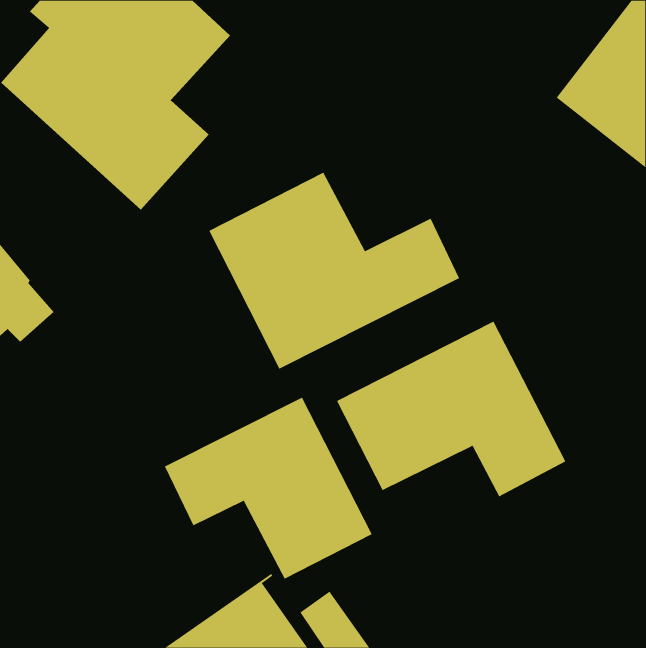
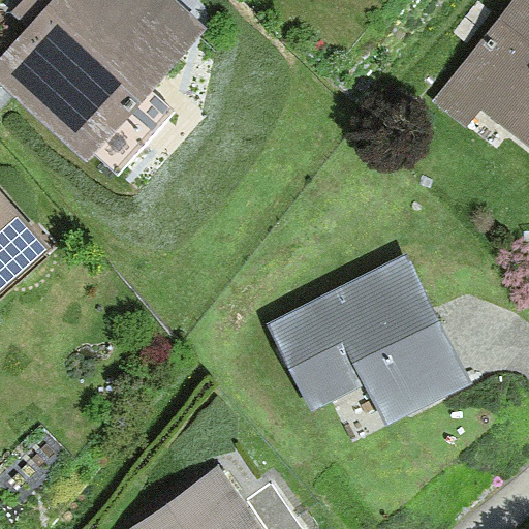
building: [208,172,460,370] -> none
building: [164,397,372,579] -> none

